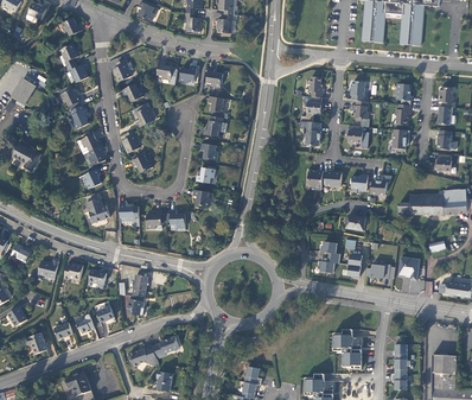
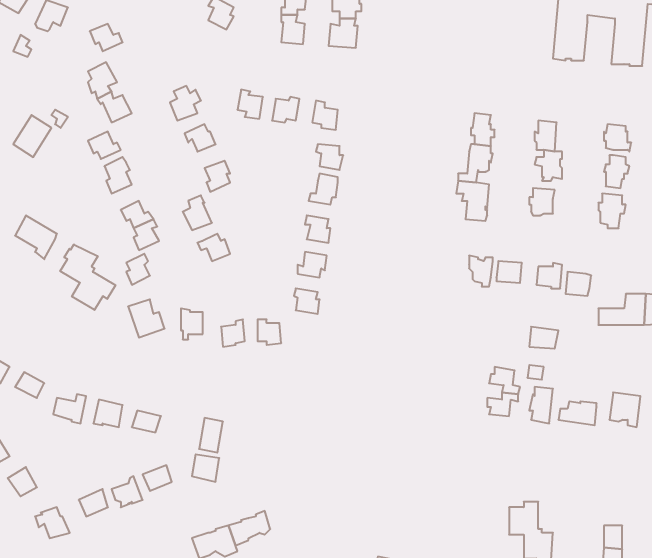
building: none -> [60,244,115,310]

